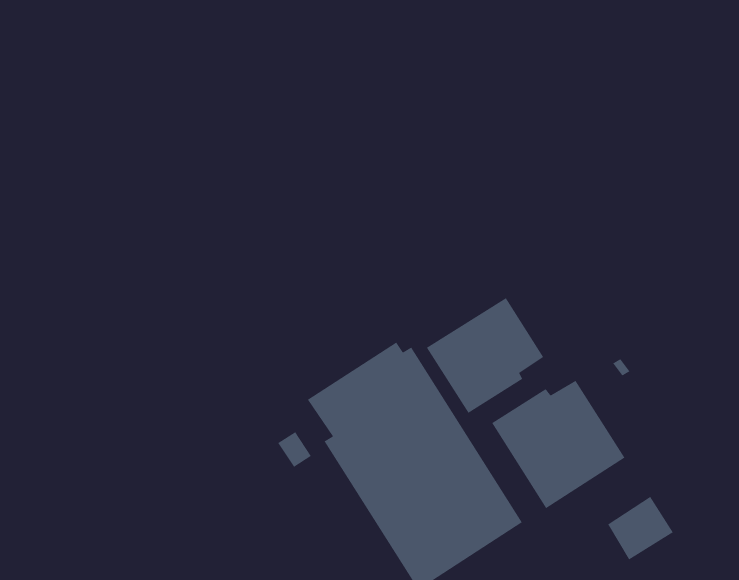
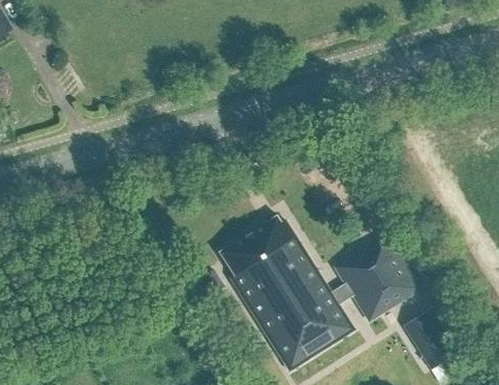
building: [426,297,544,414] -> none

